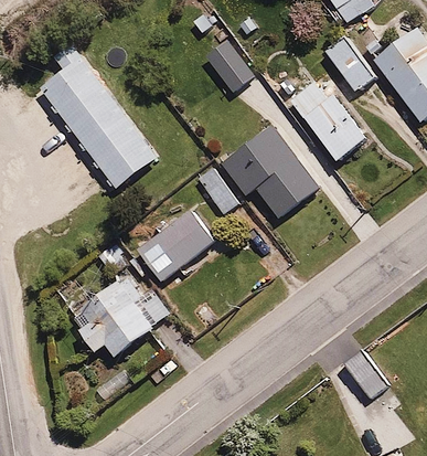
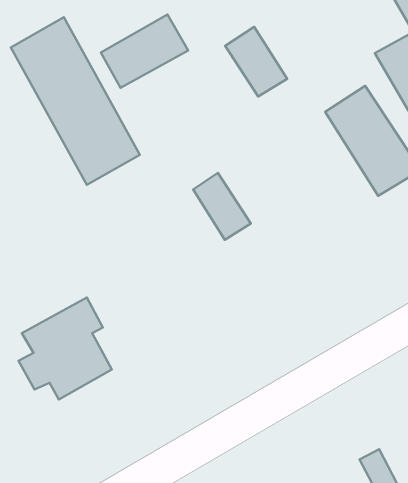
building: none -> [101,15,188,88]
building: [220,120,327,222] -> none
building: [135,209,211,279] -> none

